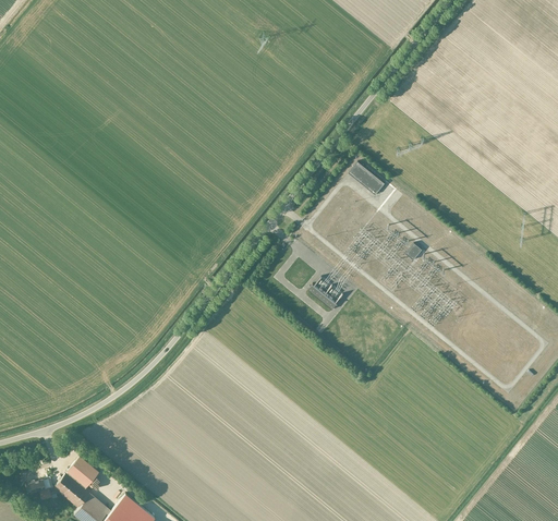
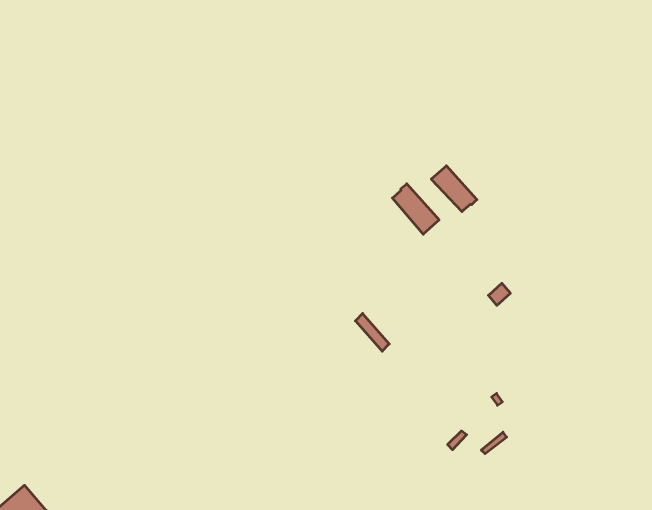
building: none -> [392,184,439,234]

